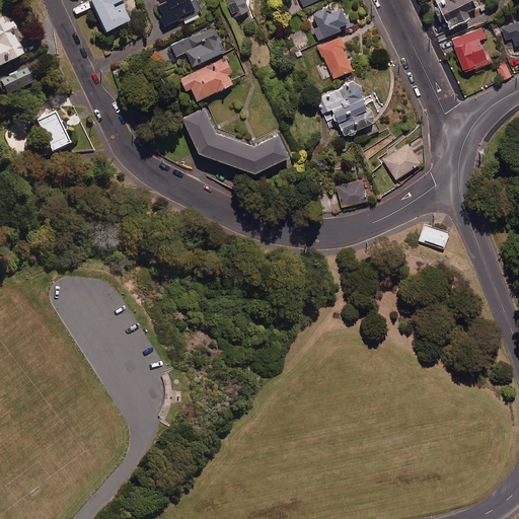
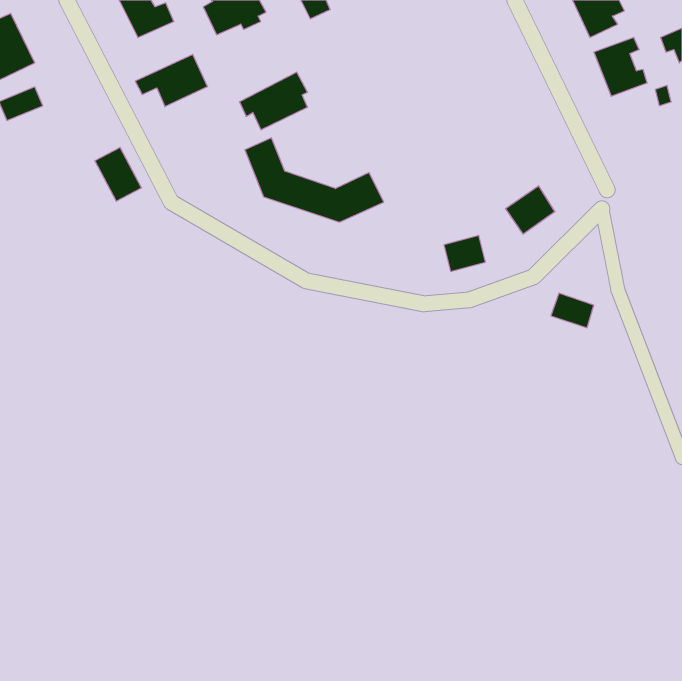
building: [308,7,350,40] -> none
building: [170,26,225,66] -> [135,54,208,107]
building: [317,34,355,78] -> none
building: [320,80,376,137] -> none
building: [34,110,70,151] -> [95,148,142,201]

